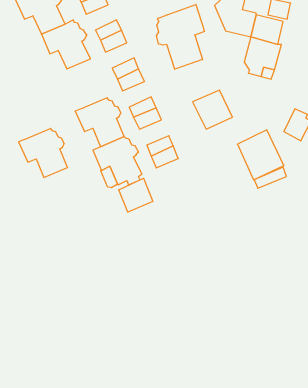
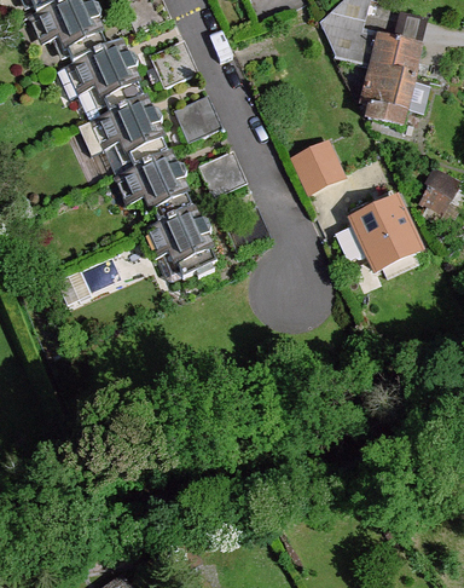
building: [157,4,204,69] -> none
building: [19,128,68,178] -> [97,97,167,167]
building: [119,178,153,212] -> none

